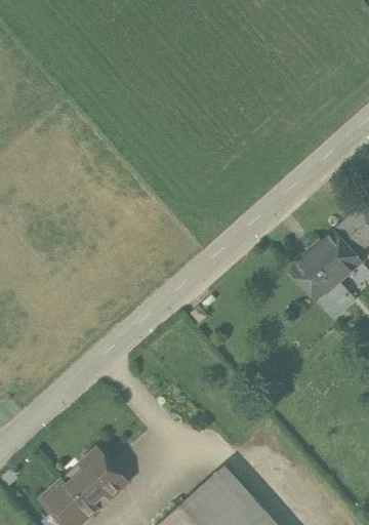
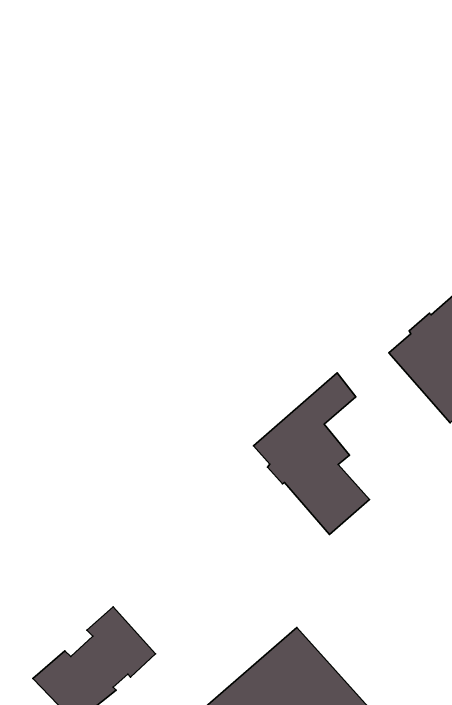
building: none -> [254,373,369,535]

